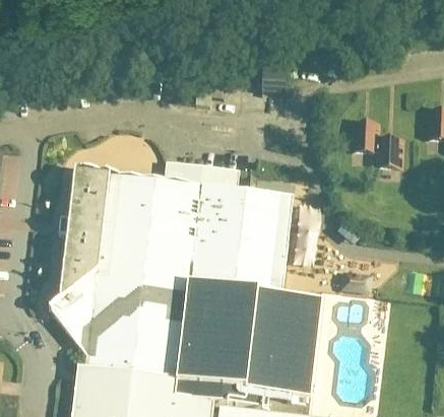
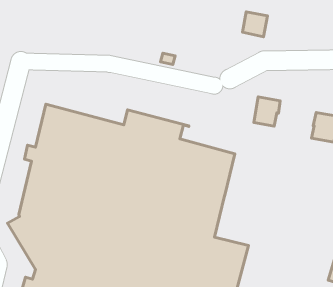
building: [261,67,287,92] -> [242,12,267,37]
building: [353,121,379,151] -> [254,97,280,126]

